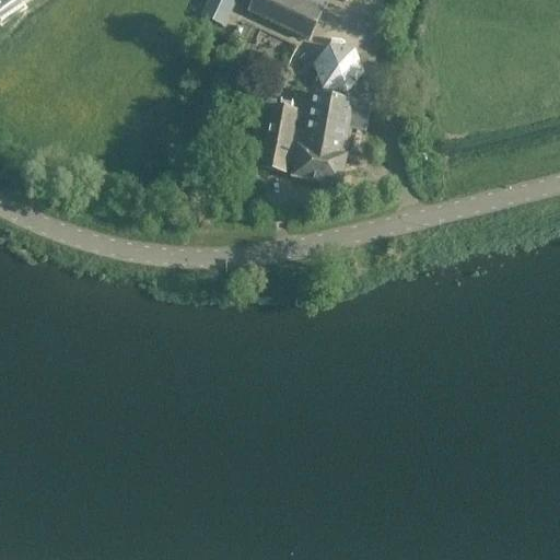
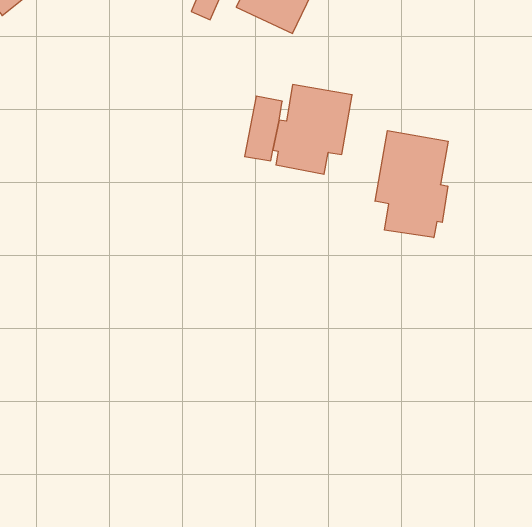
building: [314,43,362,89] -> none
building: none -> [375,131,448,238]

